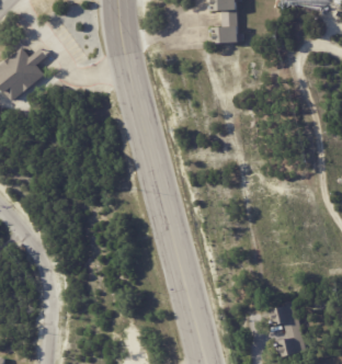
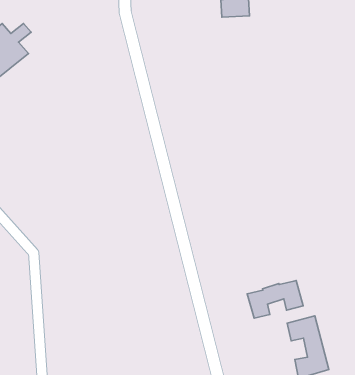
building: none -> [247,280,303,318]

